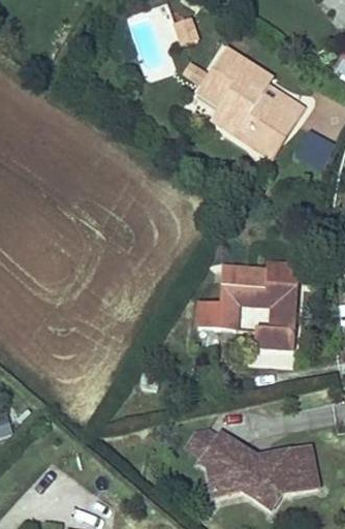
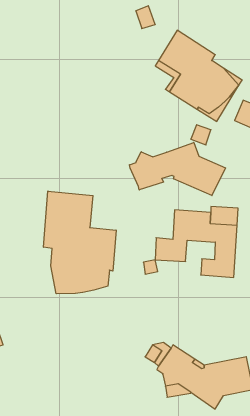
building: none -> [129,142,226,196]
building: none -> [44,191,116,294]

